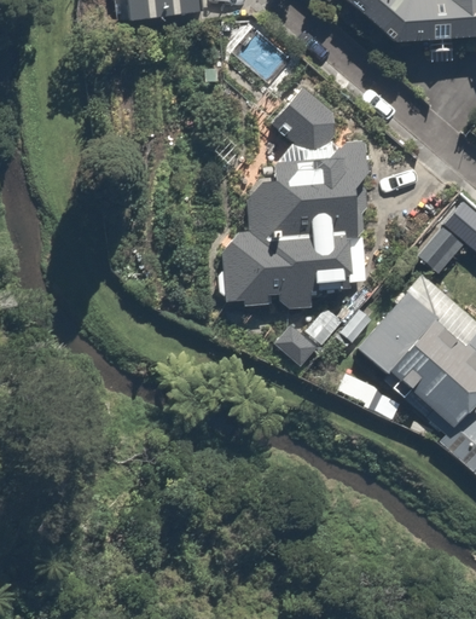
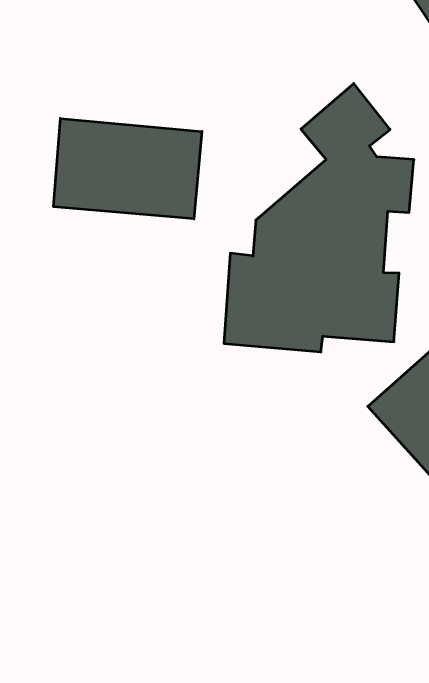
building: none -> [54,118,202,219]

